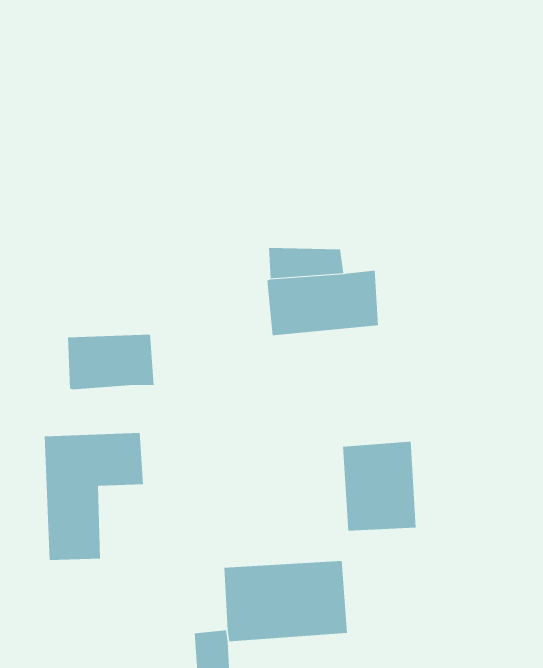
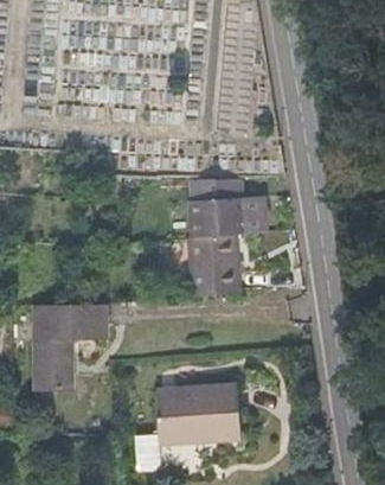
building: [67,334,154,390] -> none
building: [342,441,417,531] -> [188,235,239,296]

